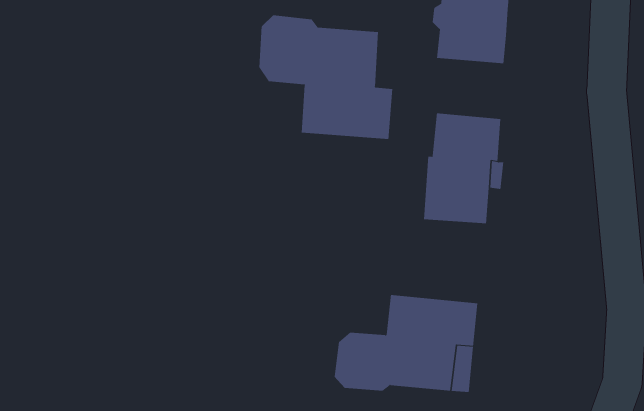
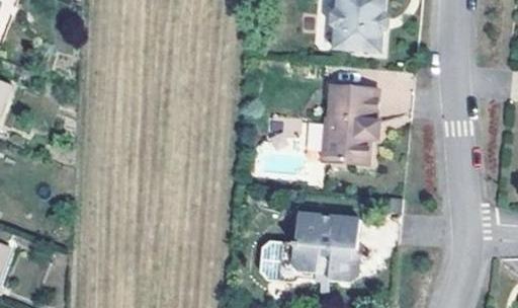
building: [259,15,393,140] -> none

